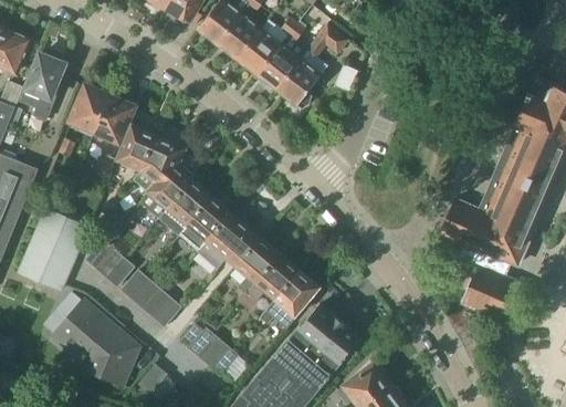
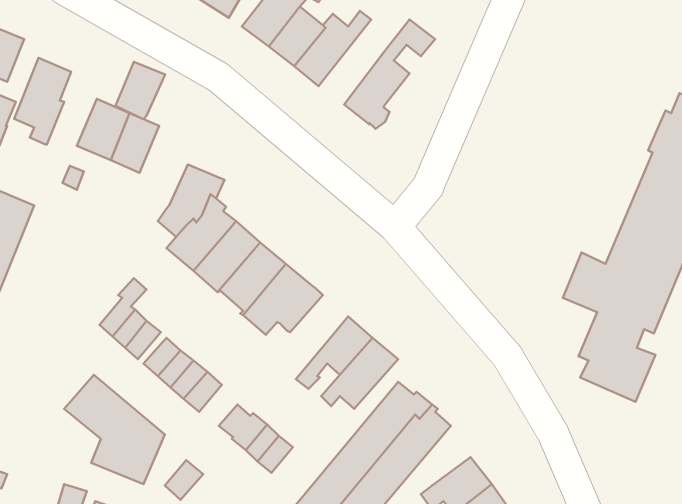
building: [258,23,308,90] -> none
building: [117,126,156,170] -> [115,62,165,119]
building: [22,209,90,290] -> none
building: [235,238,281,303] -> none

